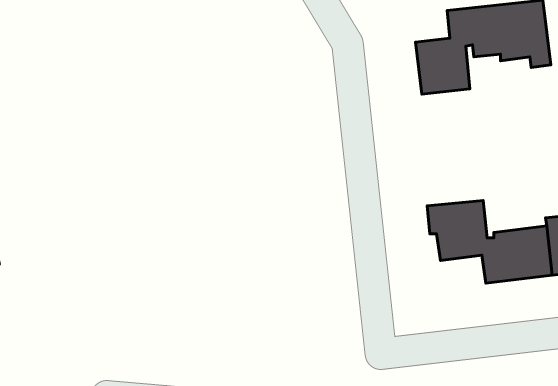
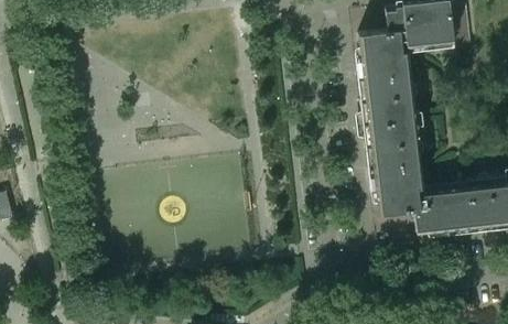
building: none -> [360,74,422,171]

